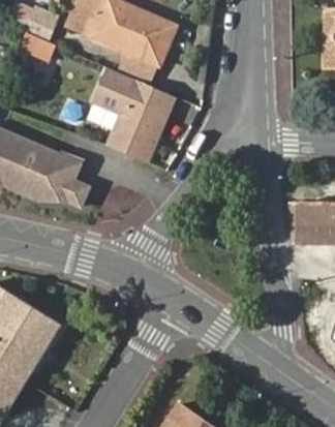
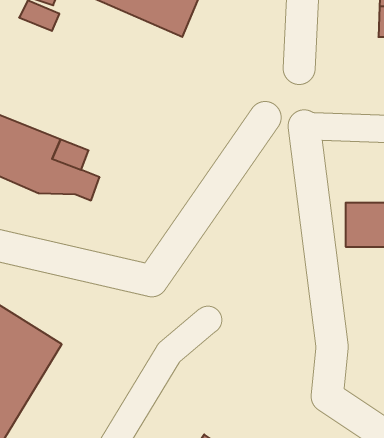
building: [94,67,177,161] -> none

